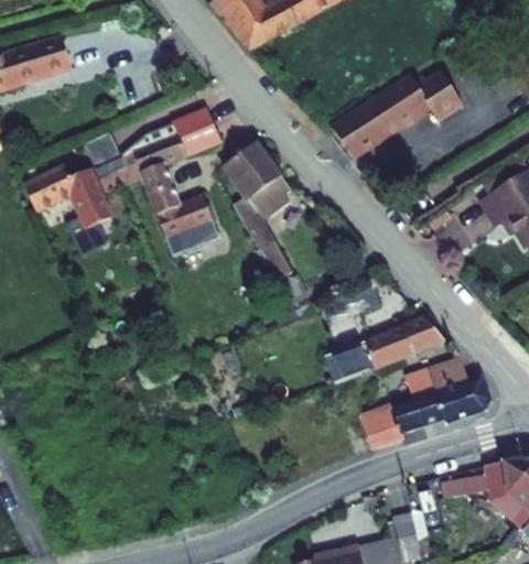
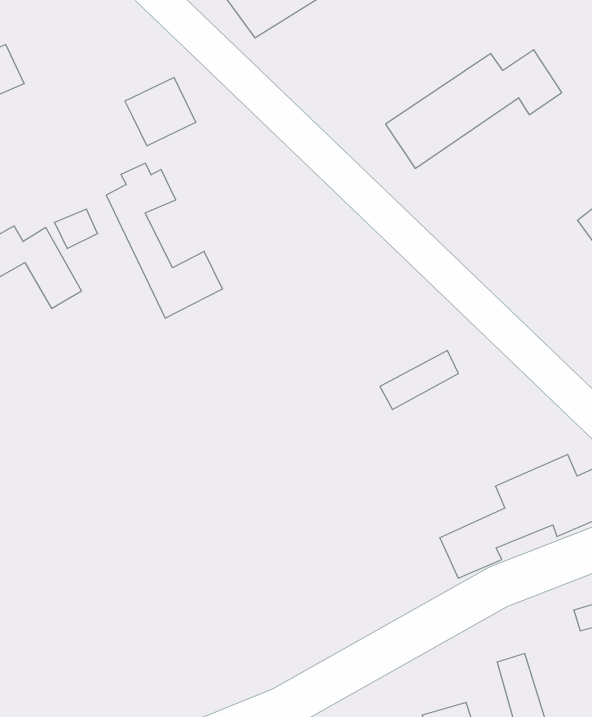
building: [171,109,222,158] -> [125,77,196,146]
building: [219,147,295,284] -> none
building: [324,314,449,383] -> none

